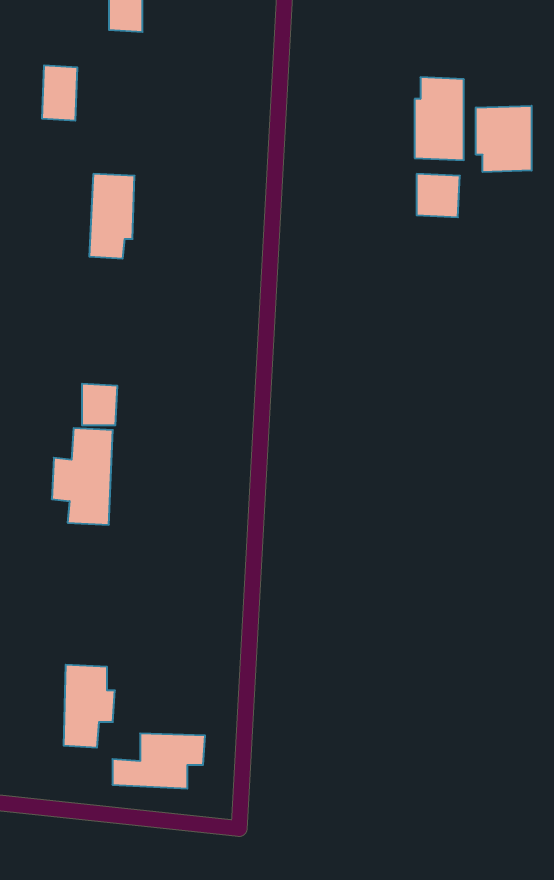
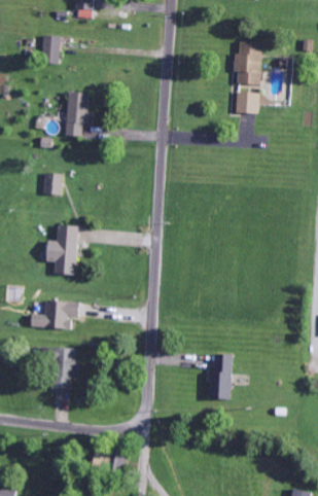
building: [476,106,532,172] -> none
building: [82,384,117,425] -> [44,173,63,194]
building: none -> [211,354,233,400]
building: [112,733,205,789] -> [32,300,80,329]

